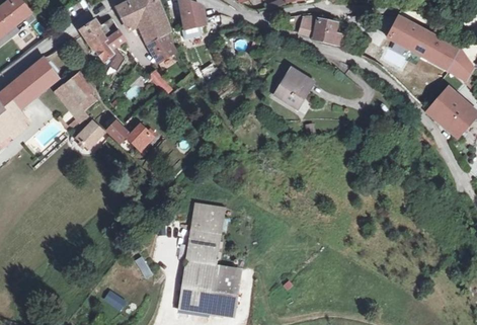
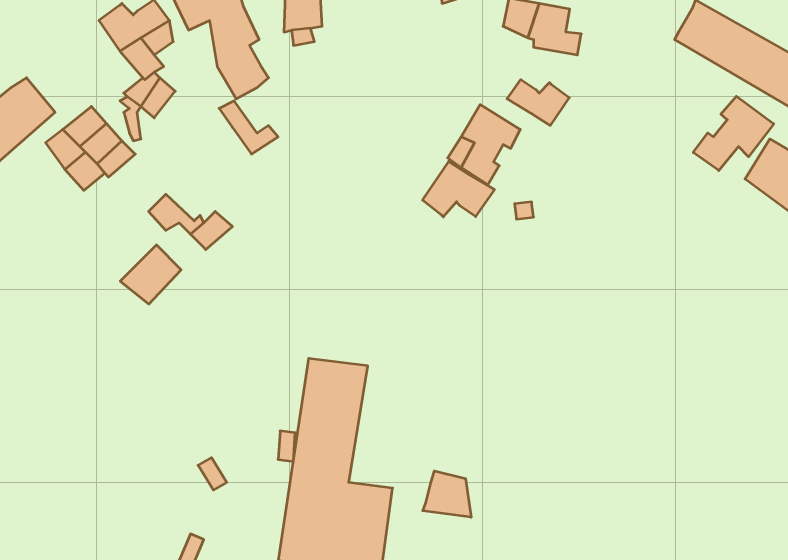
building: none -> [507,80,569,125]
building: none -> [693,96,774,171]
building: none -> [423,161,494,217]
building: [75,113,107,145] -> [120,245,181,304]
building: none -> [423,471,471,517]

